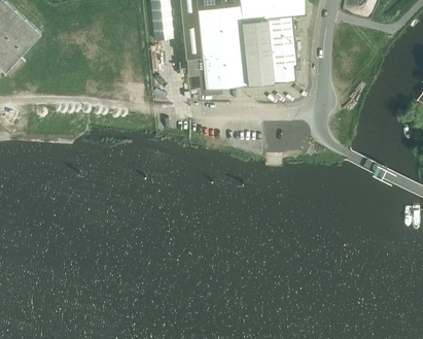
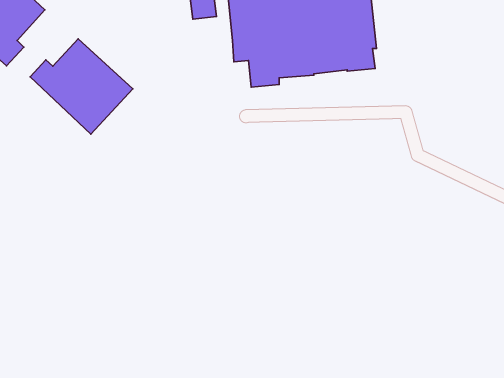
building: none -> [30,39,133,134]

